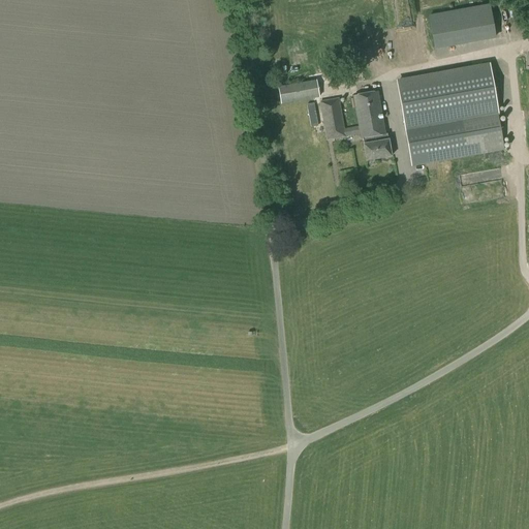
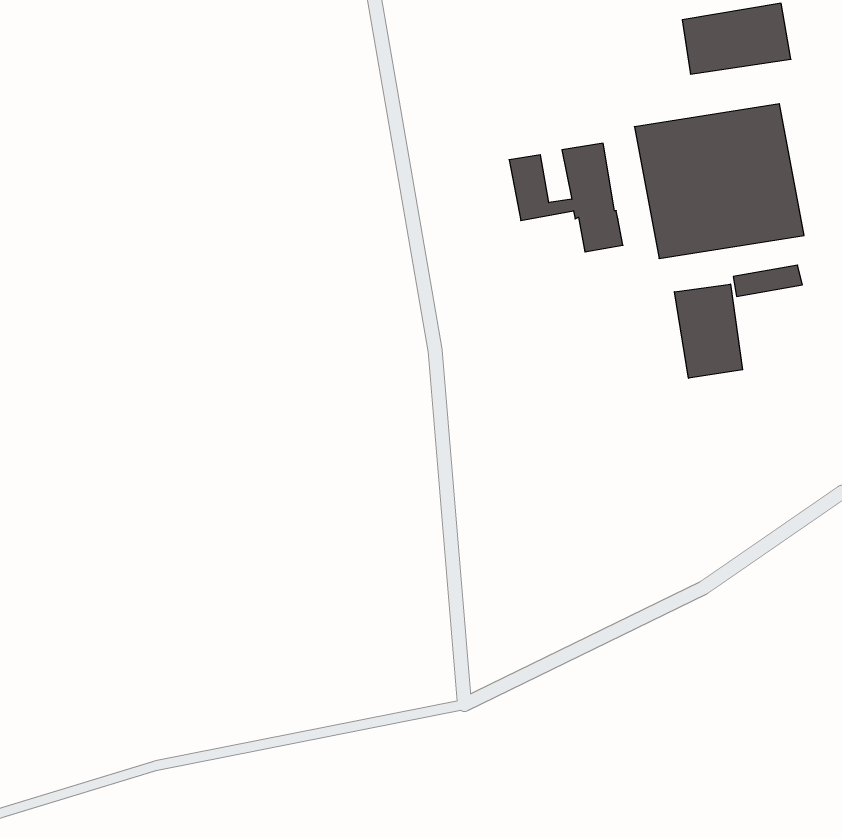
building: [278,79,319,103] -> none
building: none -> [674,284,743,378]

